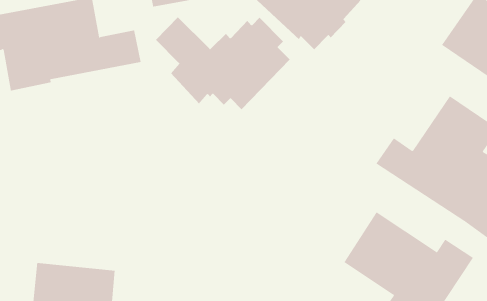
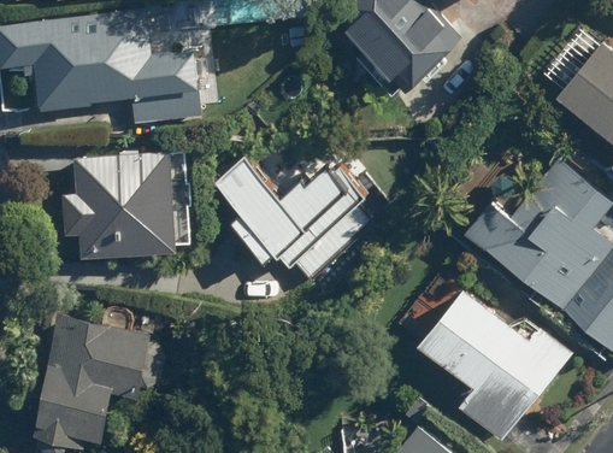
building: [155,16,291,110] -> [214,158,372,275]
building: none -> [63,152,175,258]

